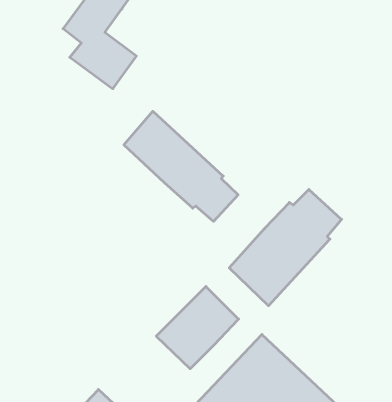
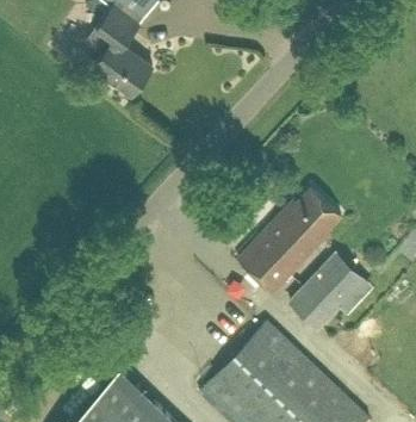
building: [124,111,238,221] -> none
building: [156,286,239,369] -> [290,254,365,329]

